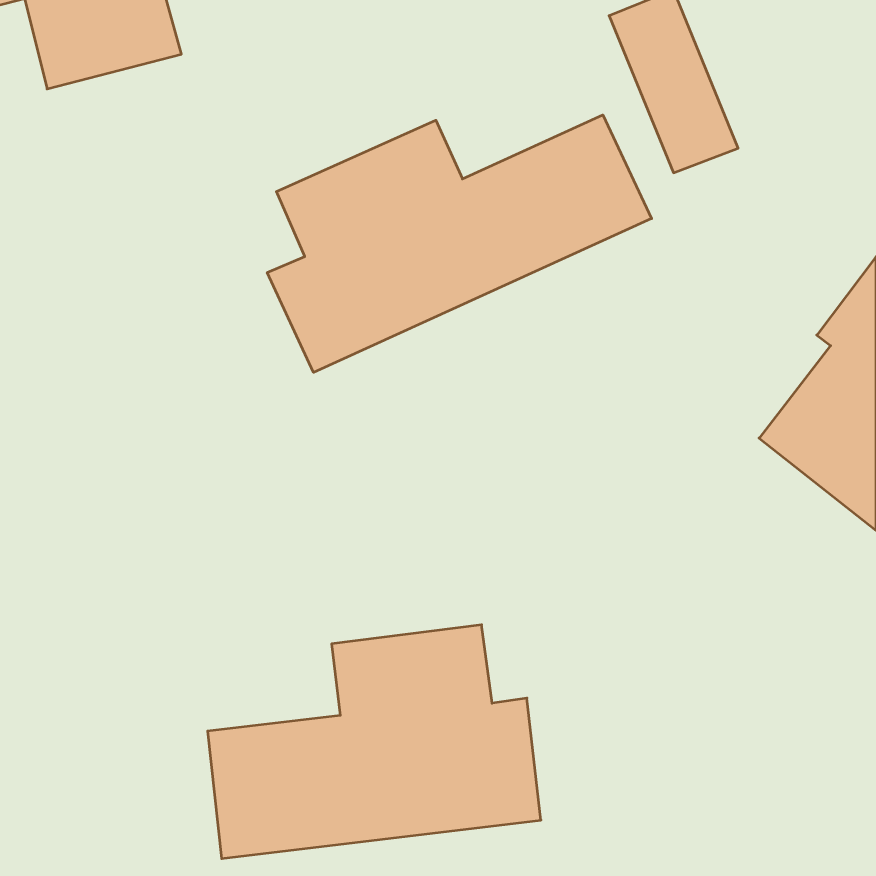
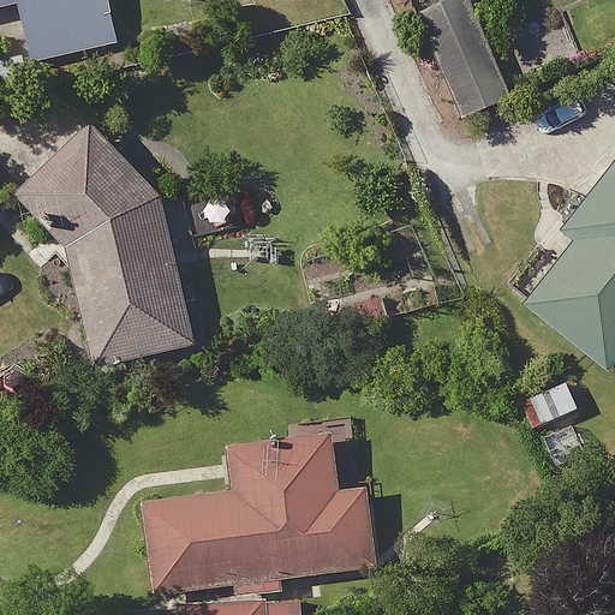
building: [267,115,652,372] -> none
building: none -> [17,126,197,366]

